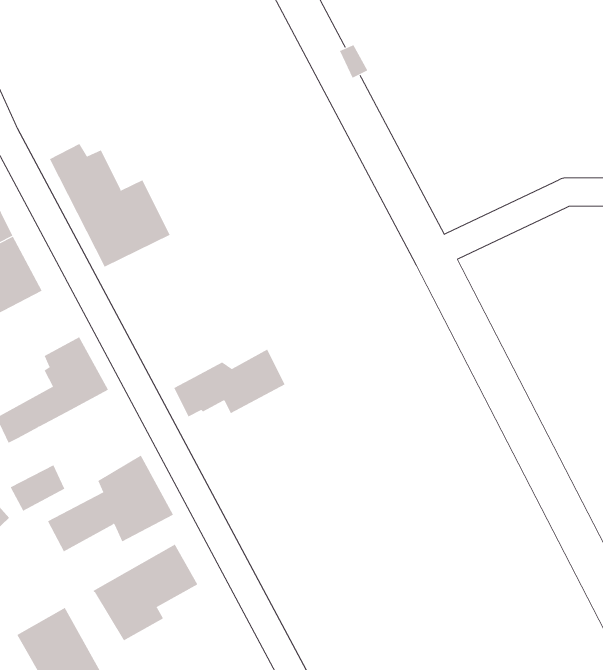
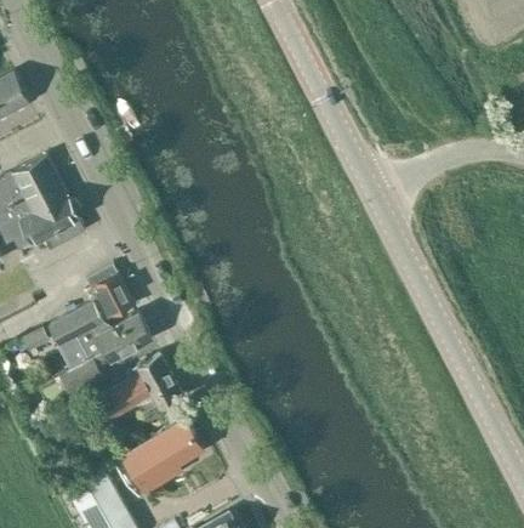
building: [49,143,170,267] -> none
building: [174,349,285,417] -> [67,313,150,364]

